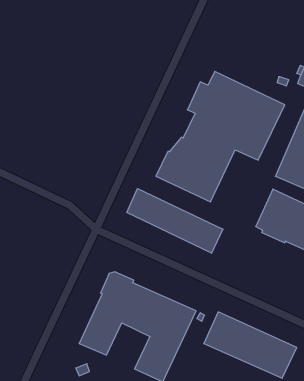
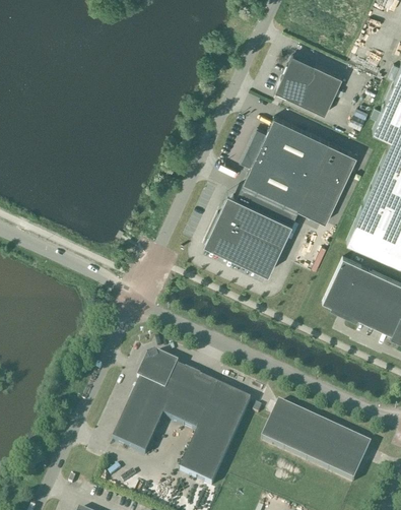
building: none -> [275,54,343,115]
building: [127,189,223,253] -> none

